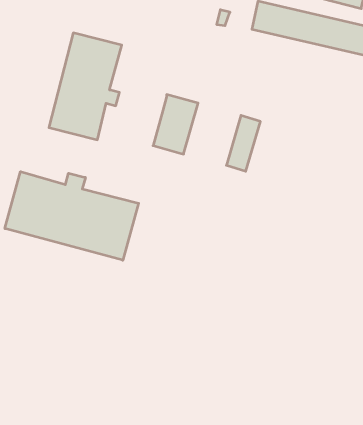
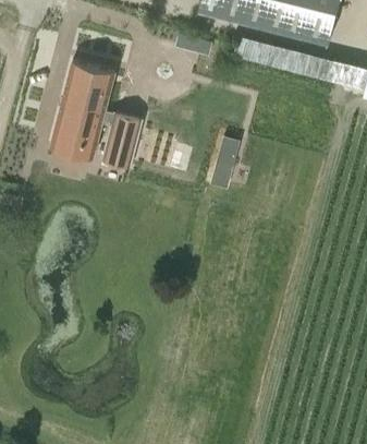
building: [153,95,198,154] -> [102,111,143,165]
building: [5,172,139,260] -> none

